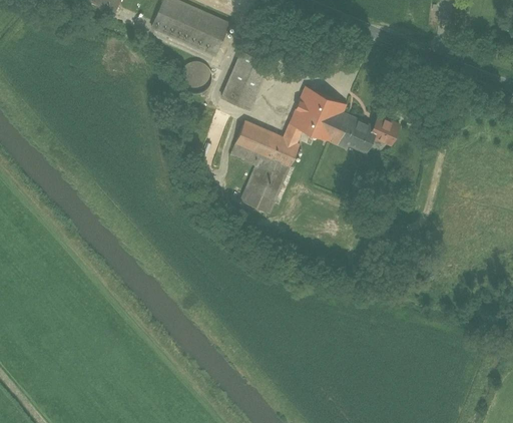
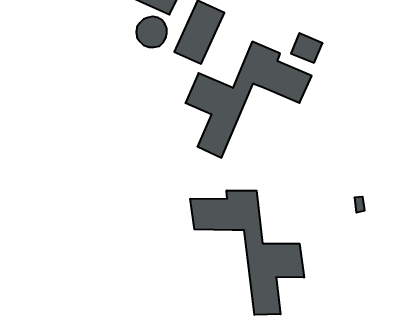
building: [368,113,402,145] -> [291,33,323,63]
building: none -> [190,190,304,315]

